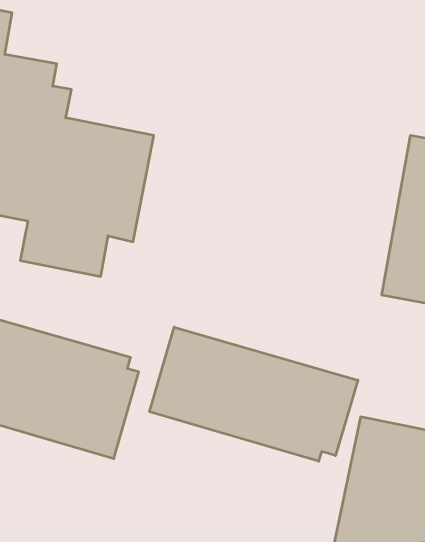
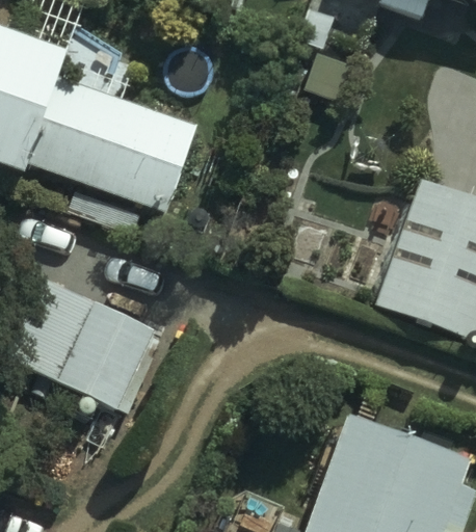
building: [150,327,358,461] -> none

